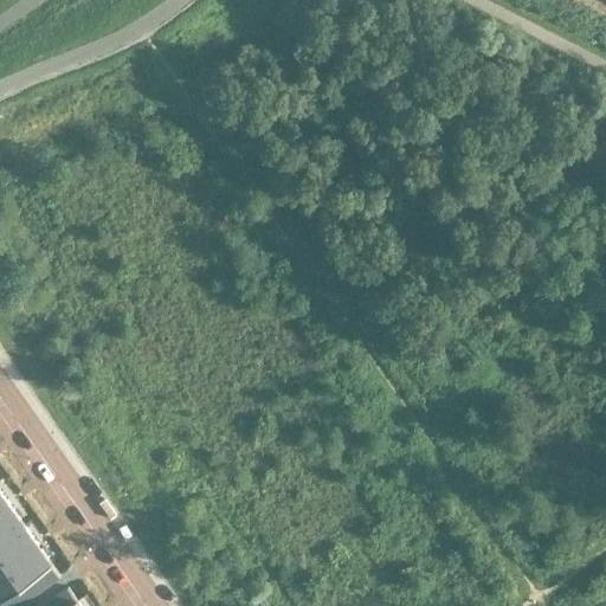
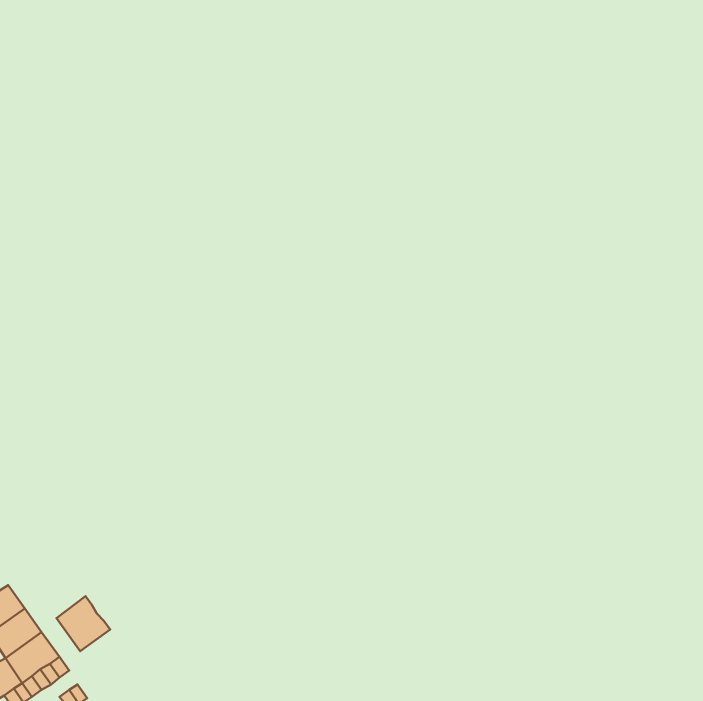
building: none -> [57,596,110,651]

